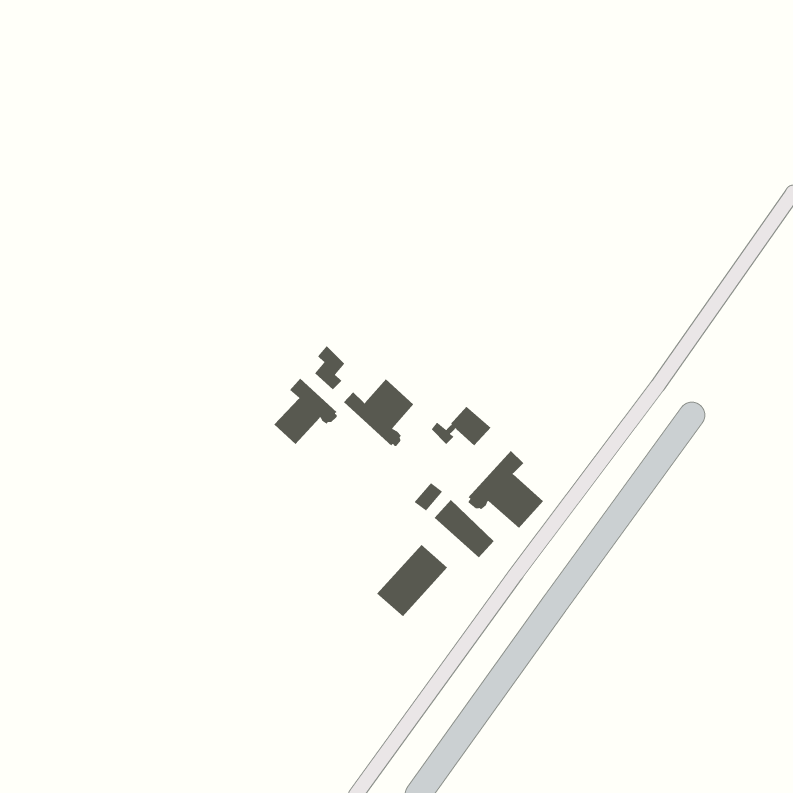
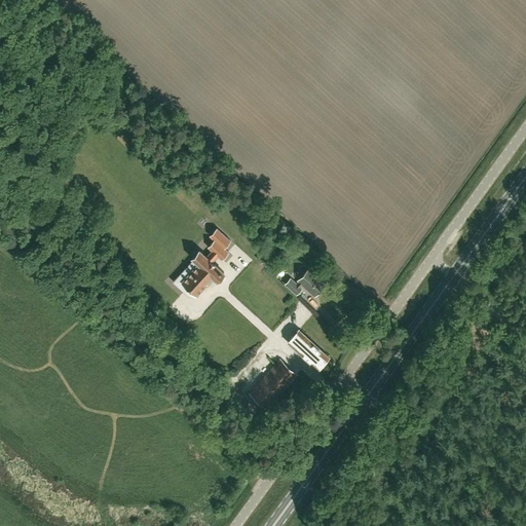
building: [343,379,414,447] -> none
building: [468,450,544,529] -> none

